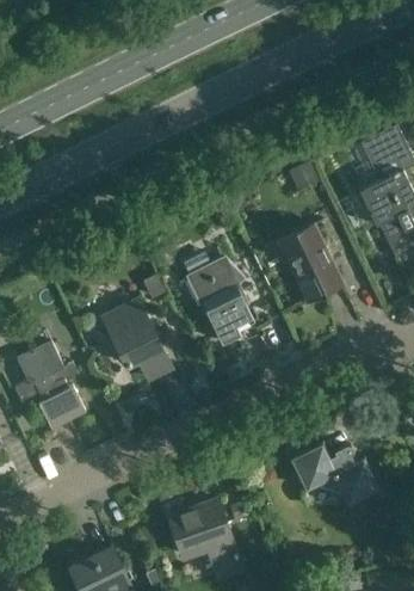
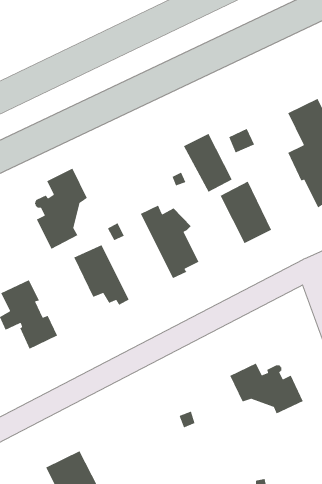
building: none -> [183,133,233,193]
building: none -> [34,168,88,250]
building: [168,500,243,579] -> none

